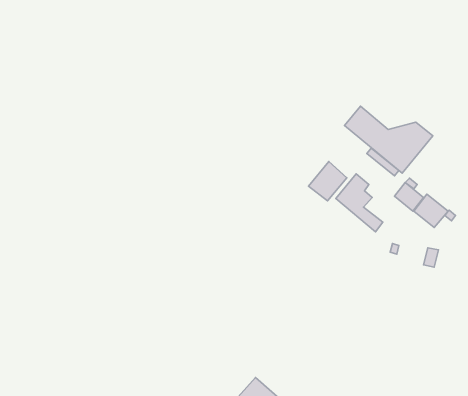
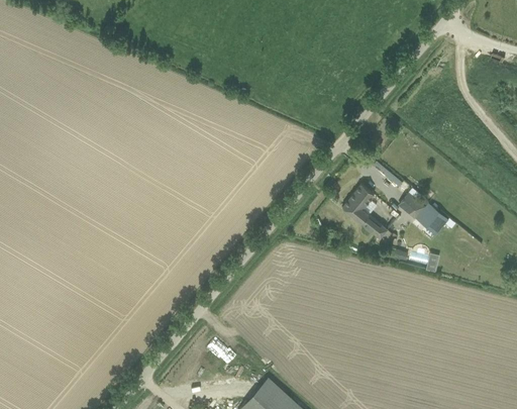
building: [345,106,433,173] -> none
building: [309,162,347,201] -> none

